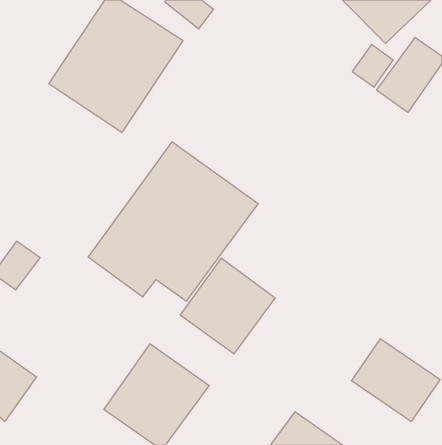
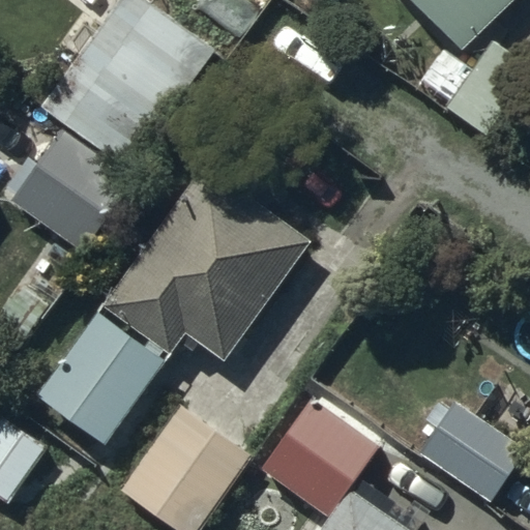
building: none -> [11,130,127,248]
building: [180,258,275,354] -> [263,401,376,514]
building: none -> [37,314,165,443]

